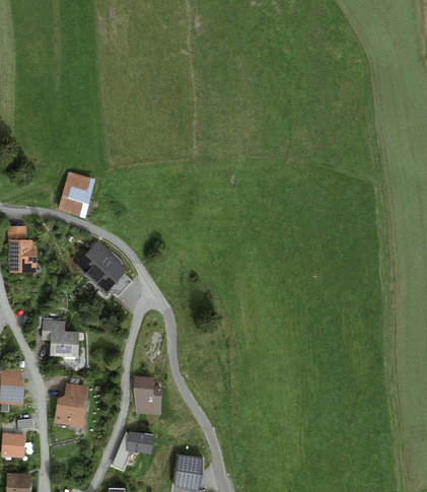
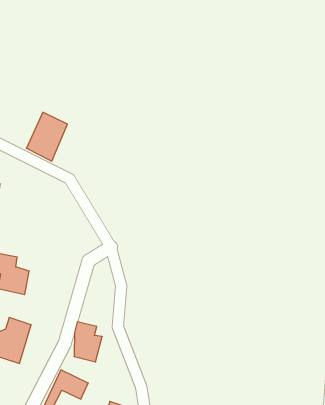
building: [81,247,132,296] -> none

